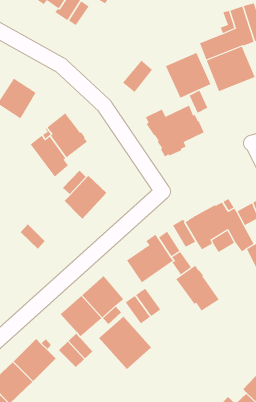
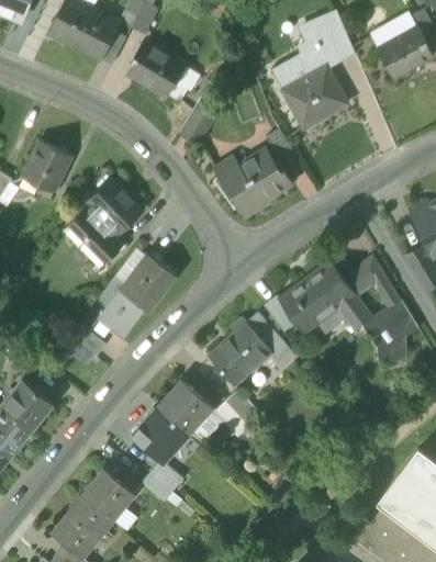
building: none -> [127,41,187,99]
building: [165,52,211,99] -> none
building: none -> [99,290,145,338]
building: [176,265,219,312] -> none
building: [98,315,152,370] -> none

